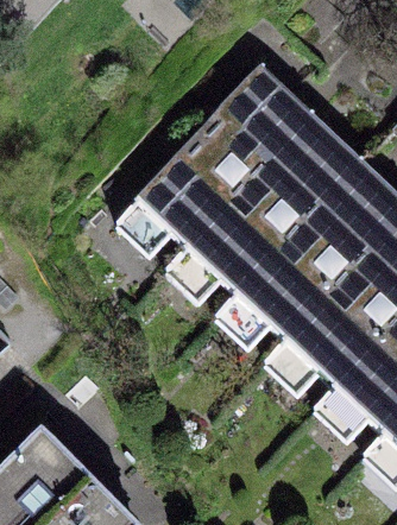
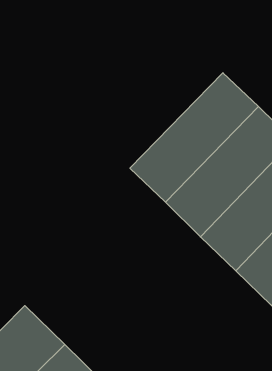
building: [133,62,309,240] -> none

